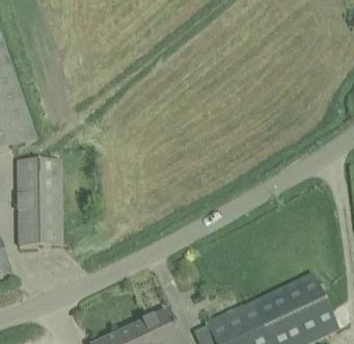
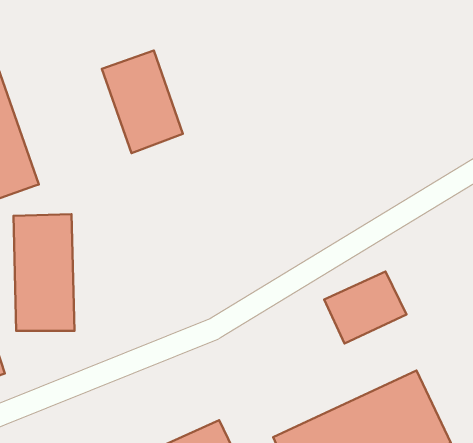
building: none -> [102,50,183,153]
building: none -> [324,272,407,344]

